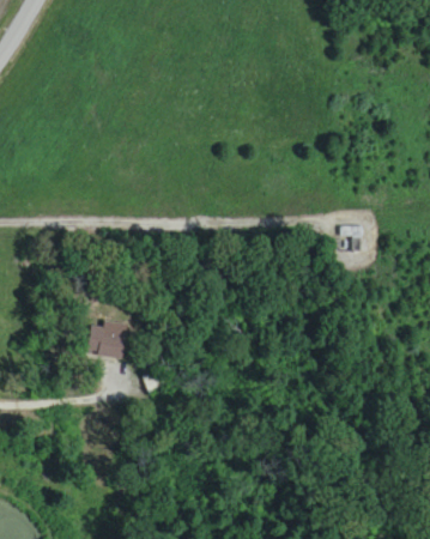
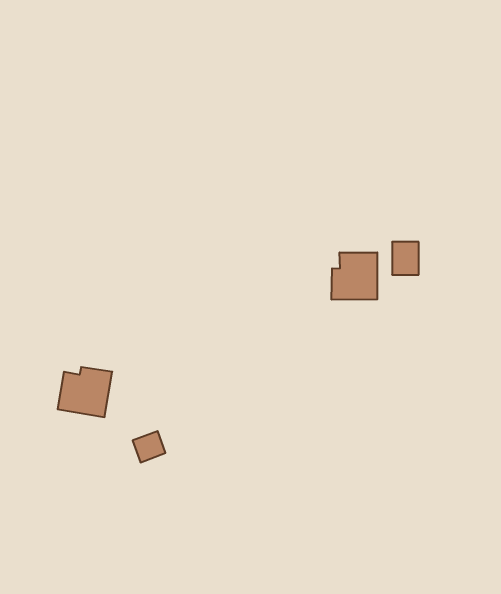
building: none -> [332,252,377,300]

